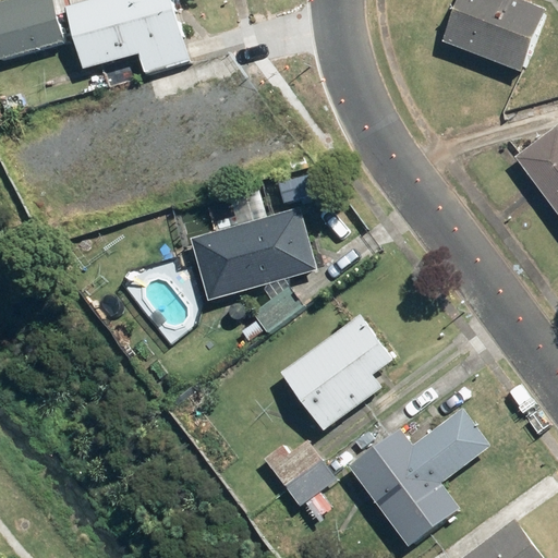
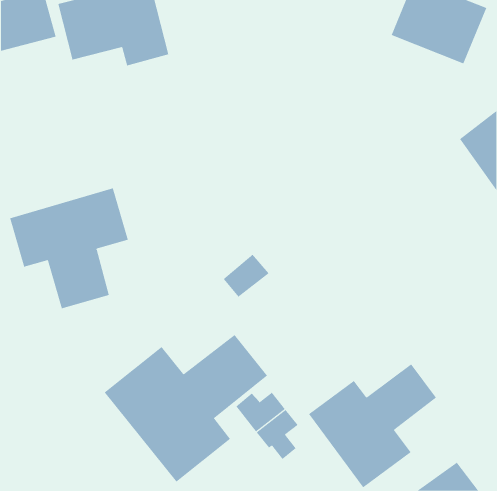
building: [192,189,312,300] -> none
building: none -> [10,187,129,309]
building: [279,313,393,430] -> none
building: none -> [104,334,268,482]

